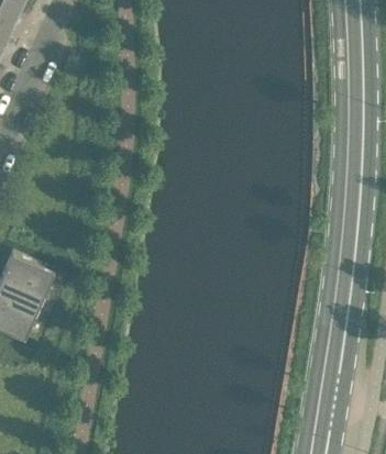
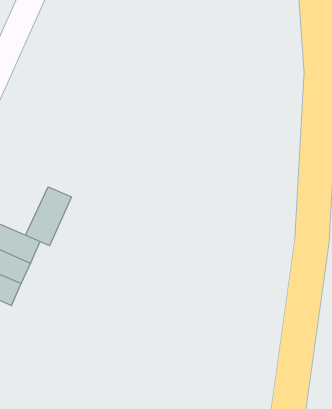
building: none -> [25,187,71,246]

